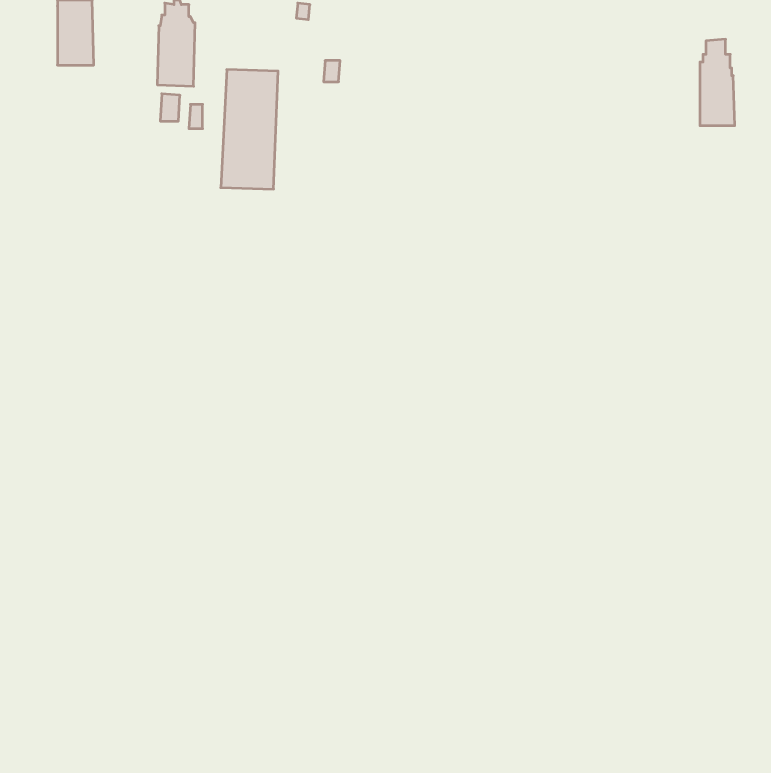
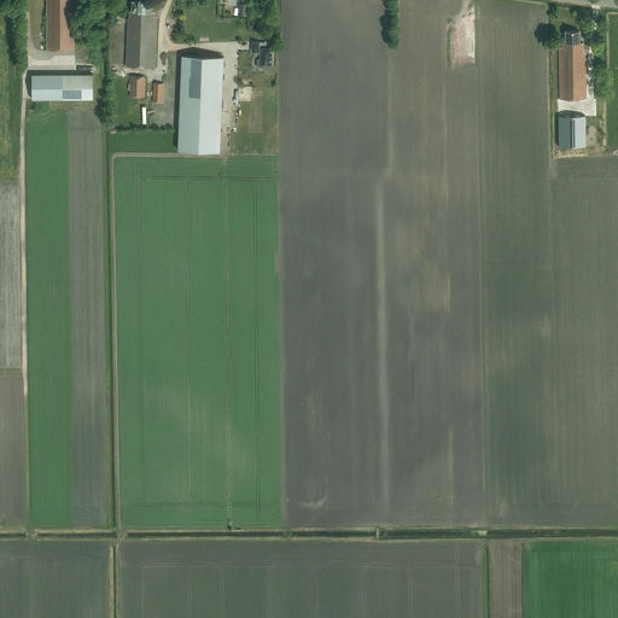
building: none -> [31,76,93,101]
building: none -> [559,117,585,148]

